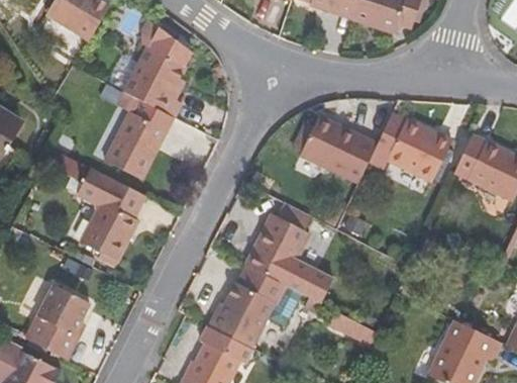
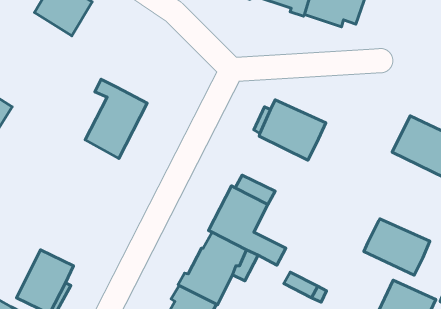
building: [123,20,194,118] -> none
building: [367,113,451,183] -> none
building: [45,150,145,263] -> none
building: none -> [364,219,430,275]

